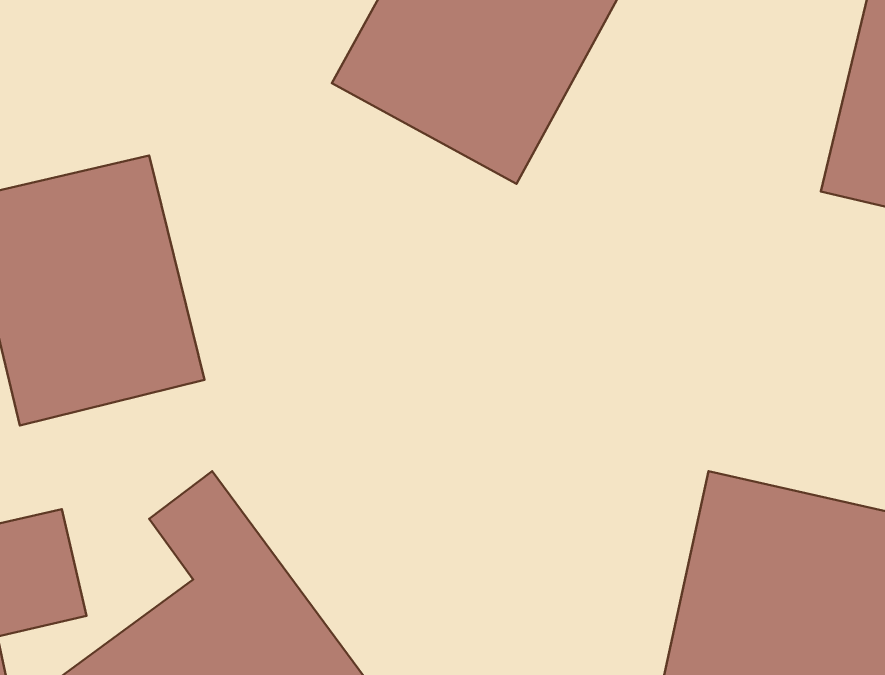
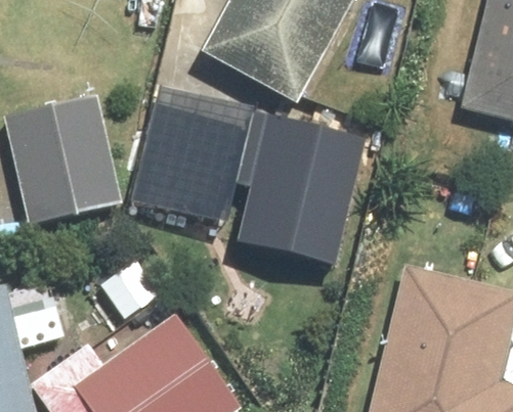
building: none -> [138,85,254,234]
building: none -> [256,116,373,255]

